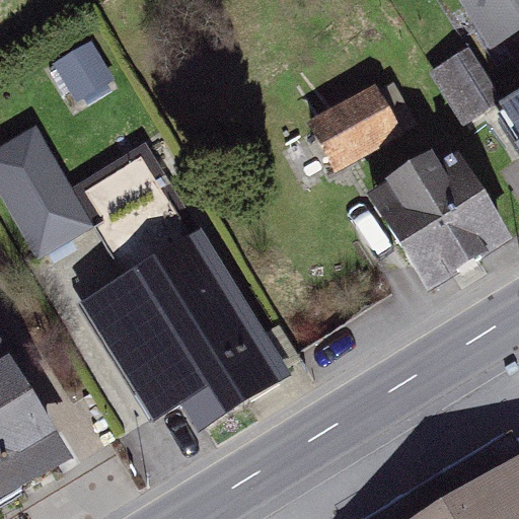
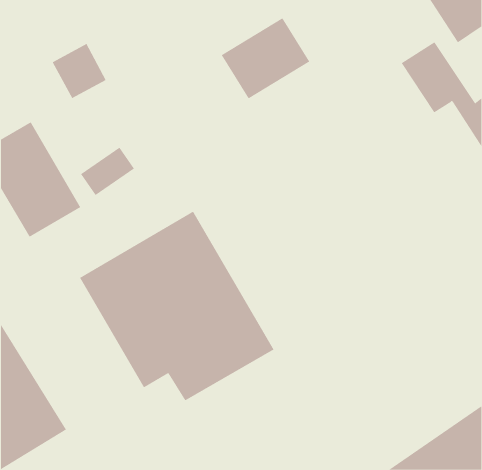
building: [306,80,402,168] -> [221,17,310,99]
building: [367,150,511,292] -> none

